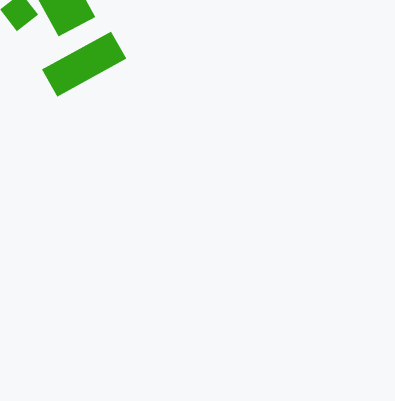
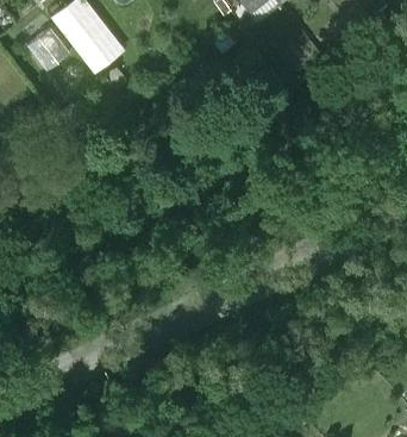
building: [41,31,127,97] -> none

